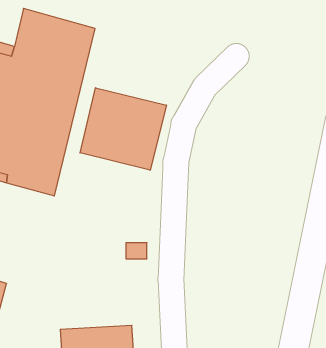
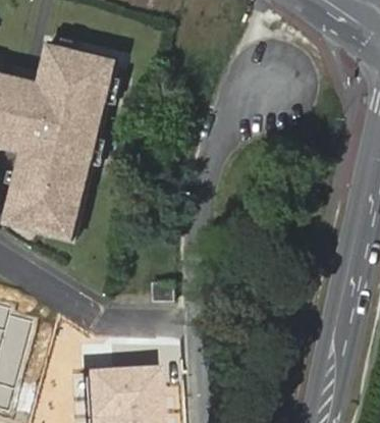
building: [80,88,166,170] -> none

